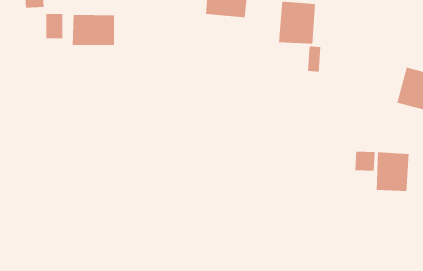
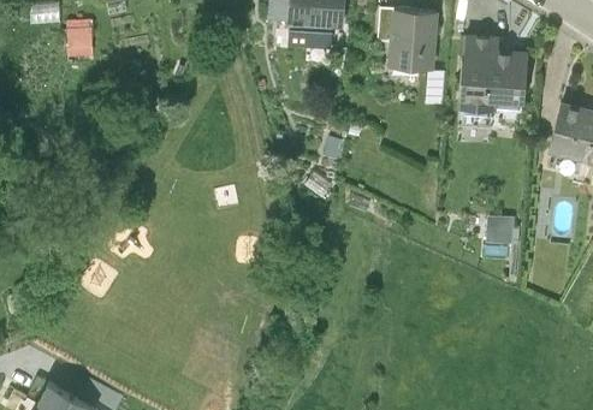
building: [72,14,114,46] -> none
building: none -> [456,35,527,111]
building: [376,151,409,192] -> none

